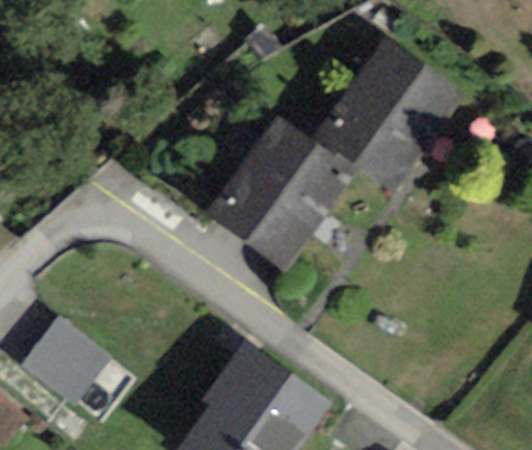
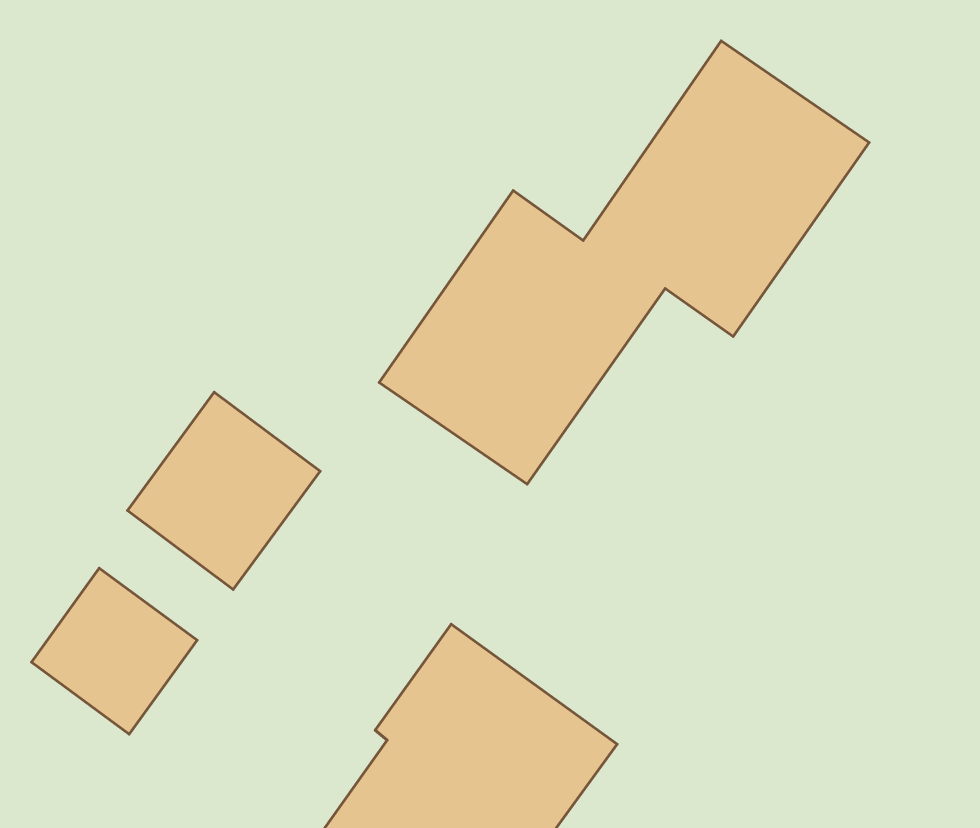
building: none -> [127,392,320,589]

